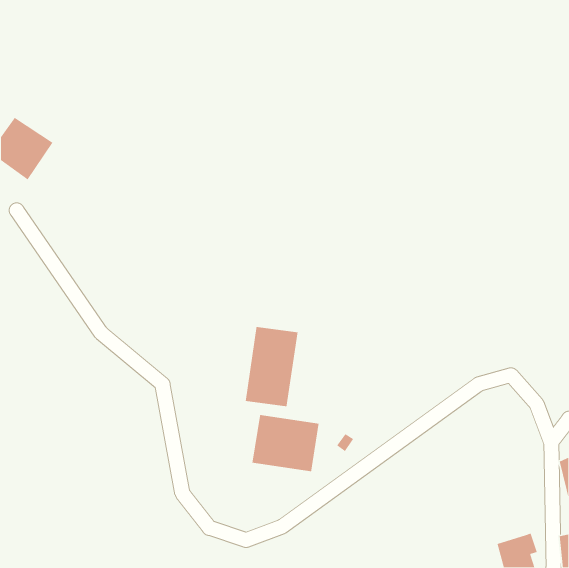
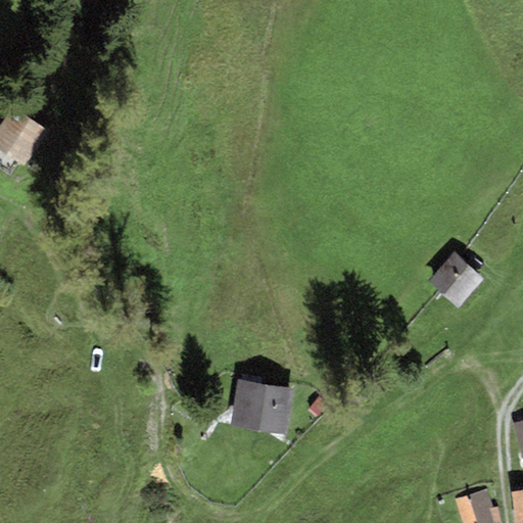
building: none -> [428,253,483,308]
building: [245,326,298,407] -> none

